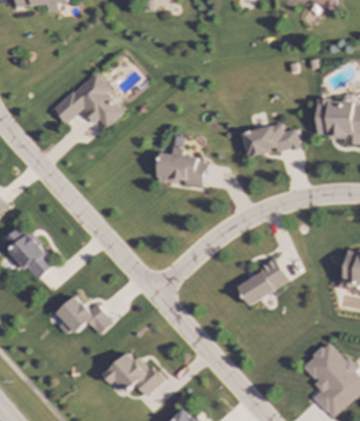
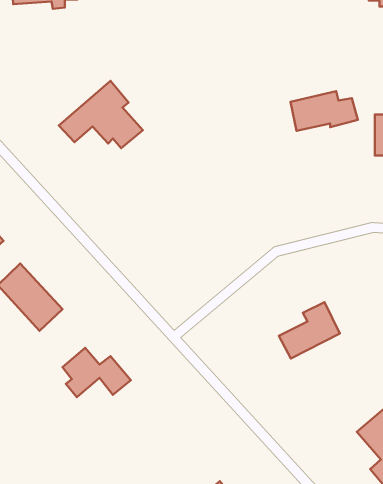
building: [243,123,299,156] -> [291,91,358,131]
building: [157,147,206,186] -> none
building: [103,348,161,396] -> none

